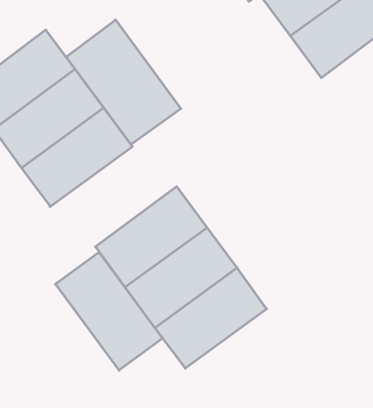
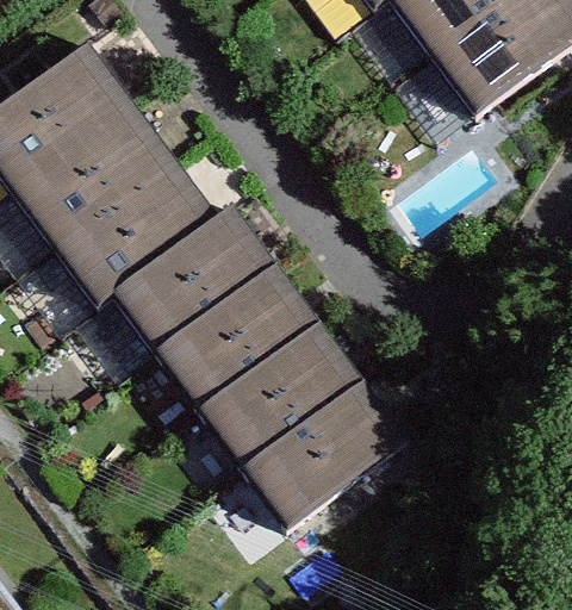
building: [66,20,181,145] -> none
building: none -> [113,208,272,351]
building: [55,252,163,370] -> none

